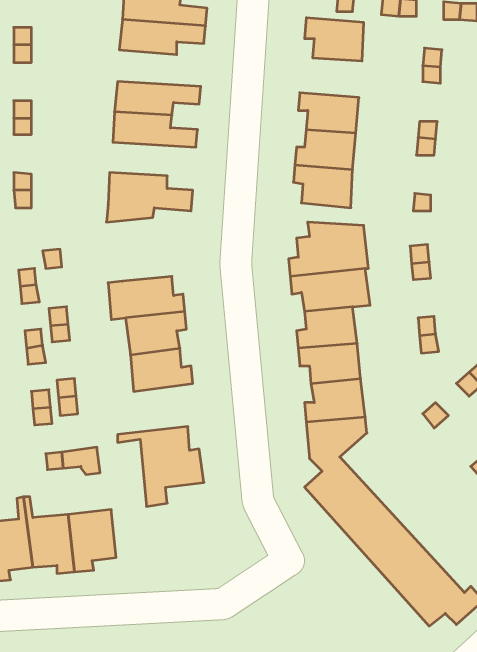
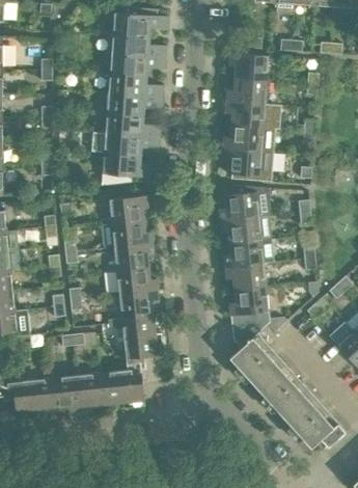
building: none -> [108,73,163,97]
building: none -> [226,78,267,104]
building: none -> [103,133,159,155]
building: none -> [109,195,148,223]
building: none -> [107,290,158,323]
building: none -> [104,368,144,408]

